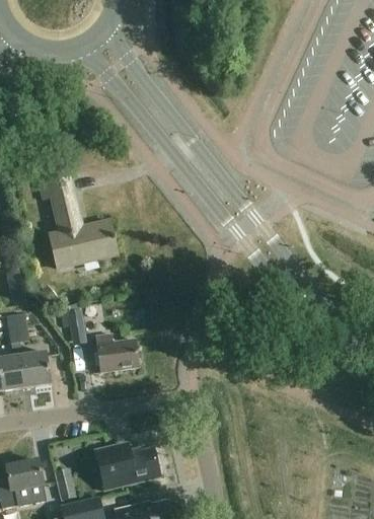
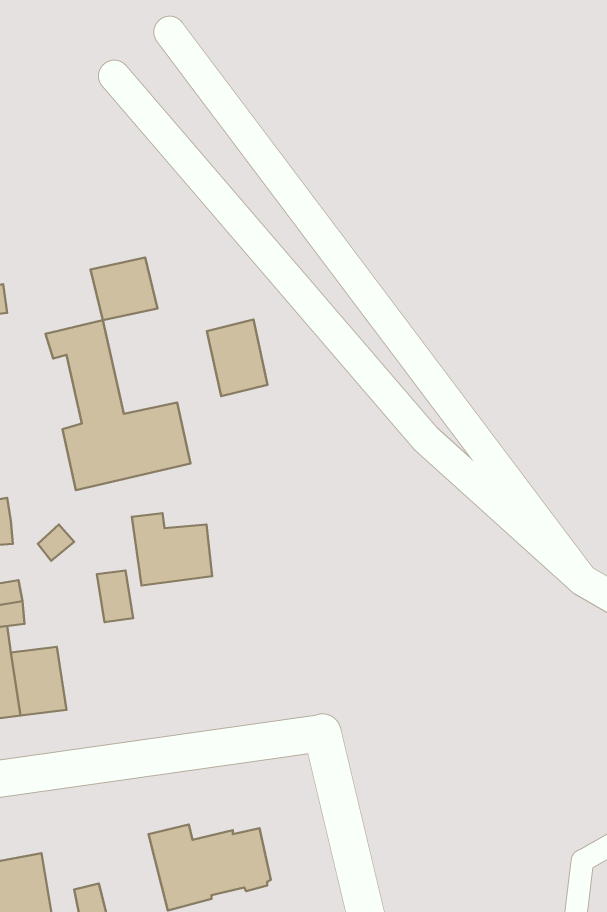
building: none -> [90,257,158,320]
building: none -> [207,320,268,396]
building: [95,332,138,371] -> [132,513,212,586]

